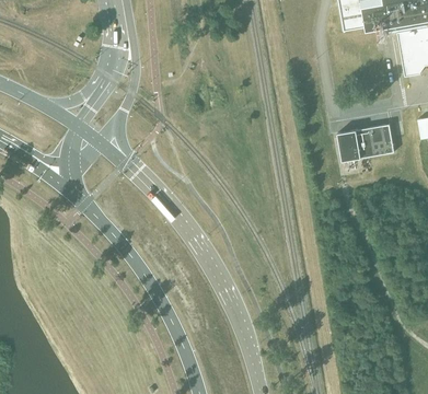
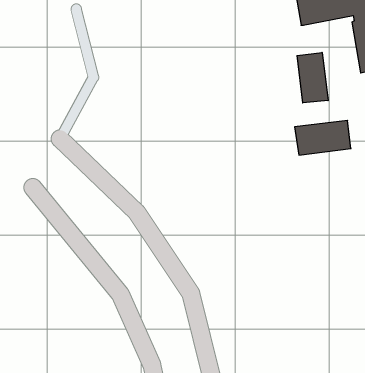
building: none -> [297,52,328,103]

